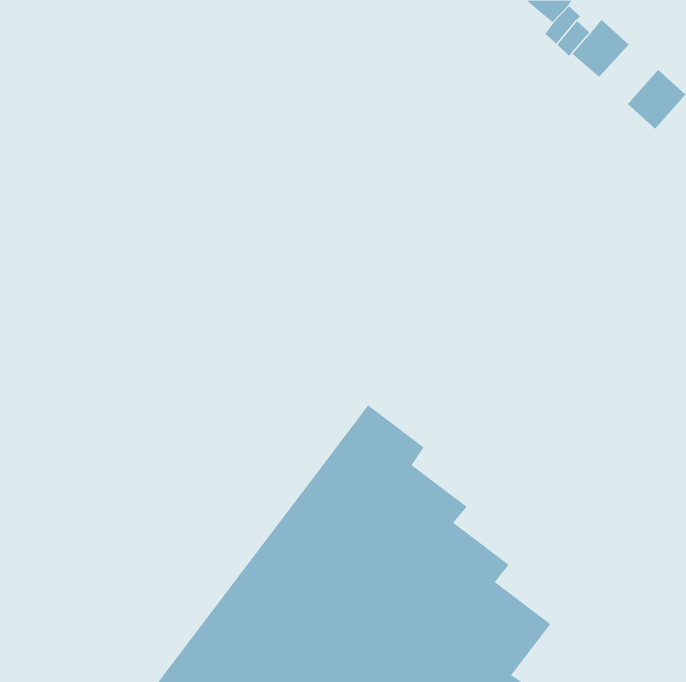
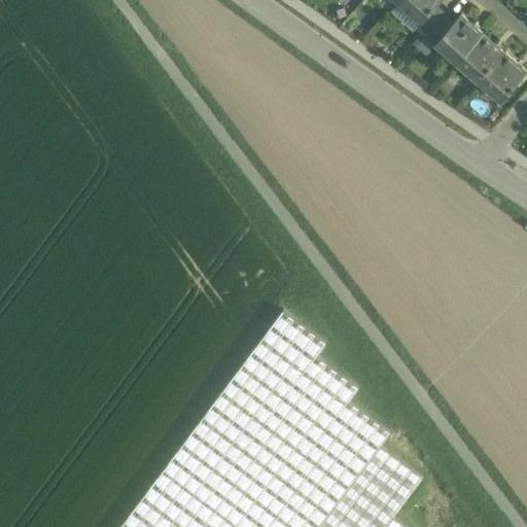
building: none -> [458,39,502,83]

